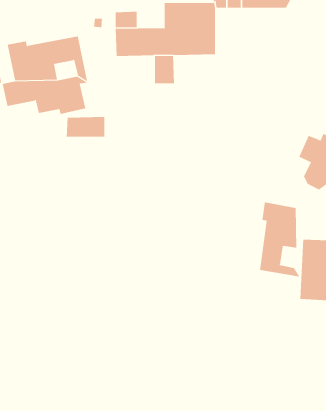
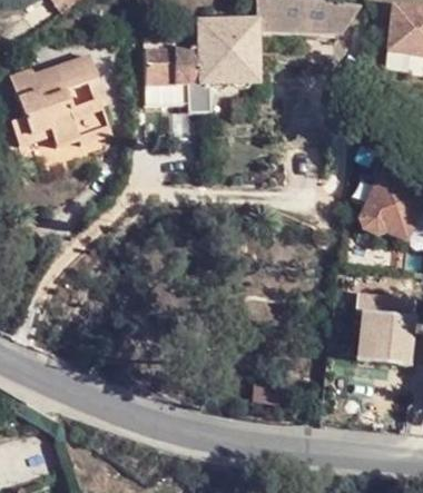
building: [66,116,105,137] -> [142,83,187,107]
building: [259,202,300,277] -> none

